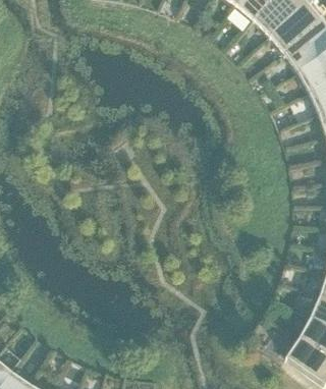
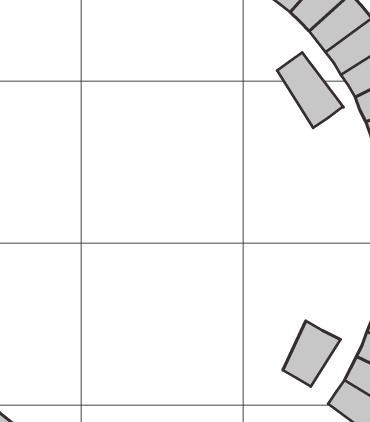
building: none -> [277,52,343,128]
building: none -> [283,321,340,386]

